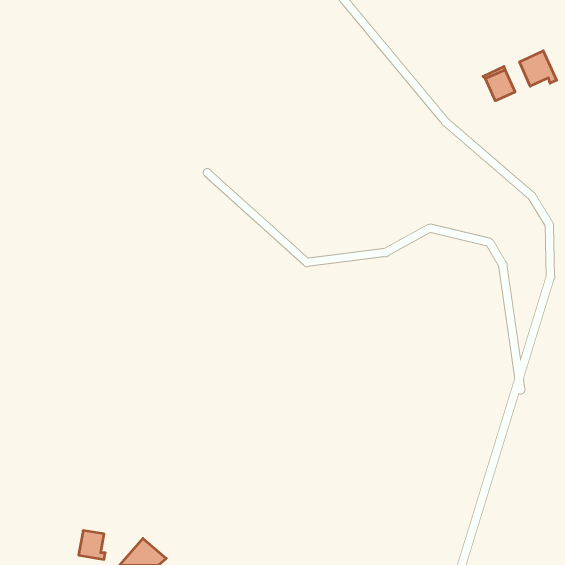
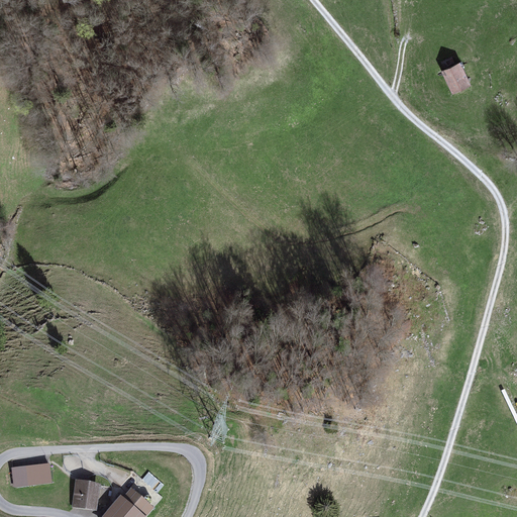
building: [520,51,557,86] -> none
building: none -> [12,464,50,487]

